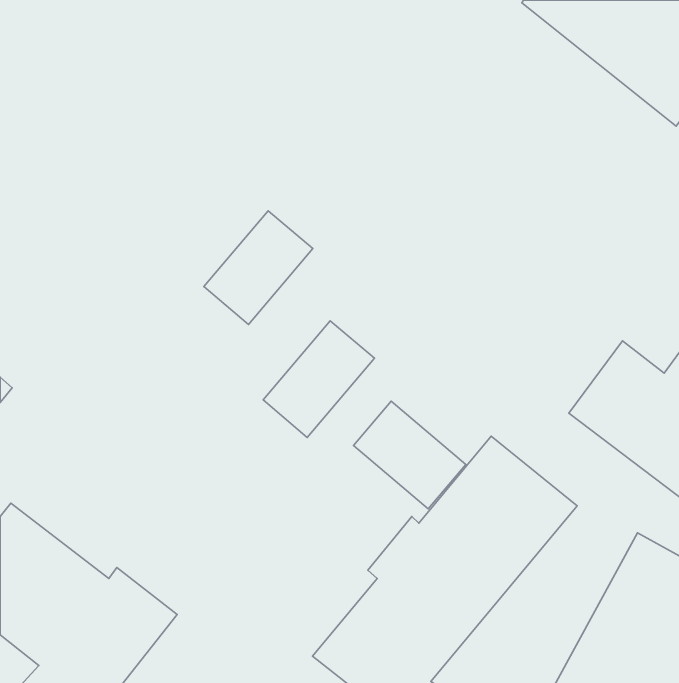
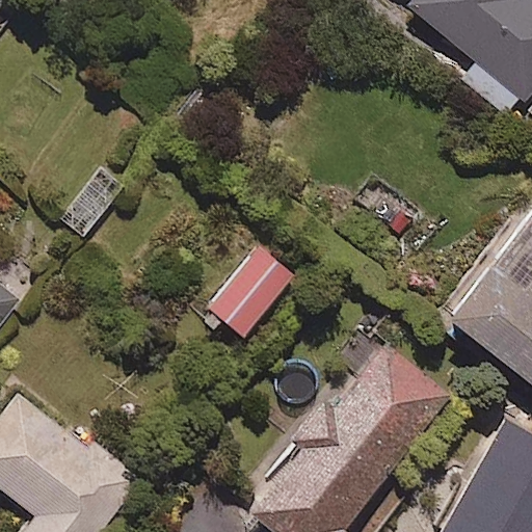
building: [204,211,313,324] -> none
building: [353,401,466,509] -> none

